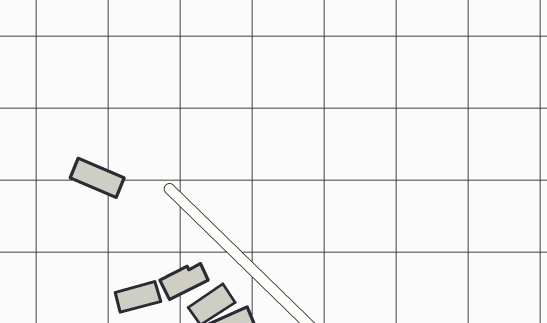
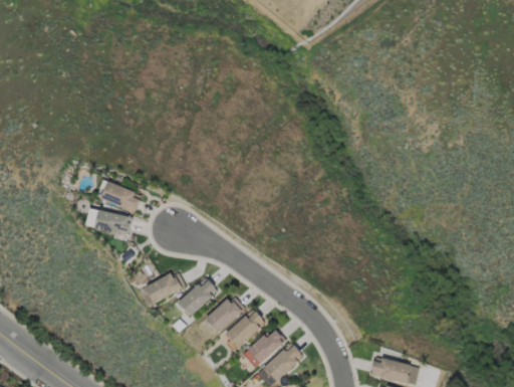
building: none -> [100,182,142,212]
building: [115,282,161,312] -> [145,271,185,303]

